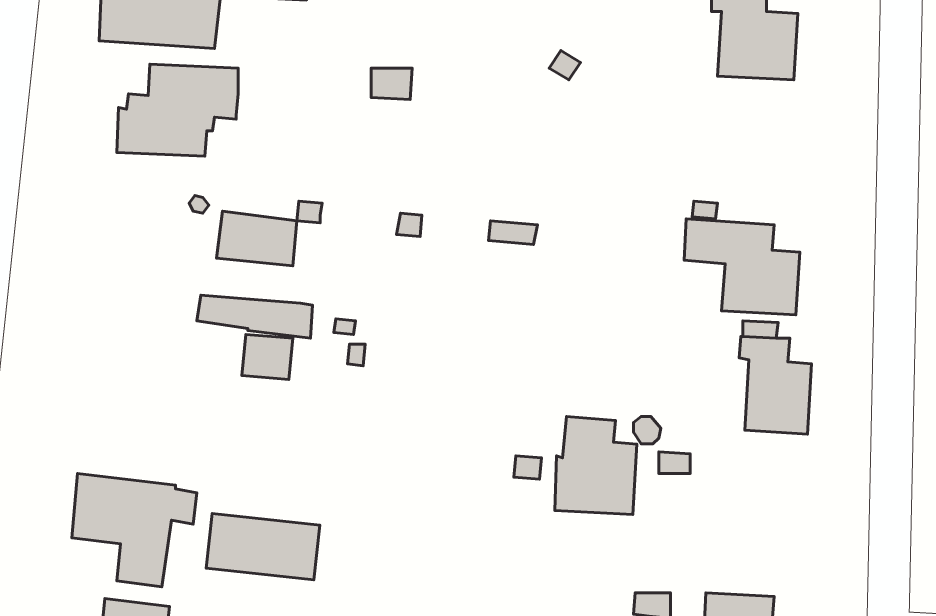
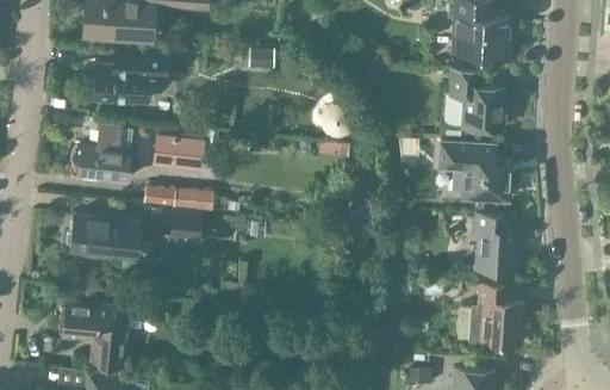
building: none -> [449,69,504,130]
building: none -> [70,128,132,181]
building: [555,417,637,514] -> [472,285,522,345]
building: [206,513,320,580] -> [69,216,138,256]

